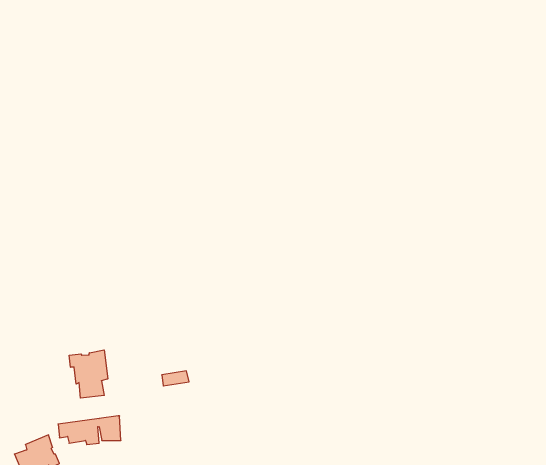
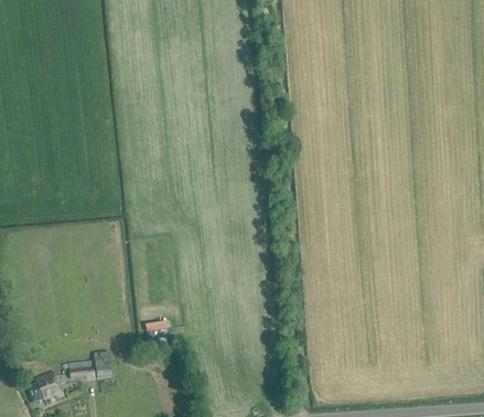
building: [69,350,108,398] -> none

